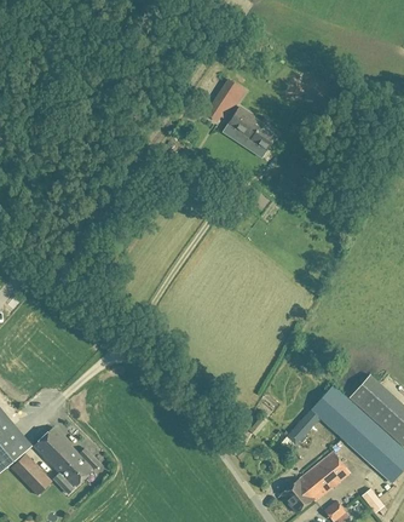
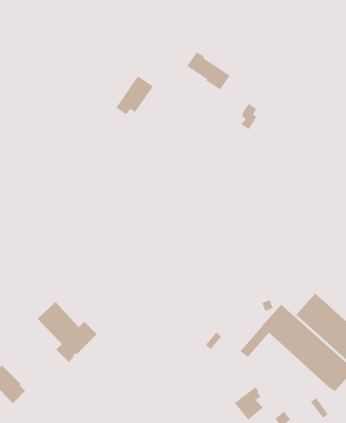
building: [203,78,246,121] -> [115,75,154,115]
building: [31,425,98,493] -> [37,301,97,363]
building: [304,452,348,500] -> none

